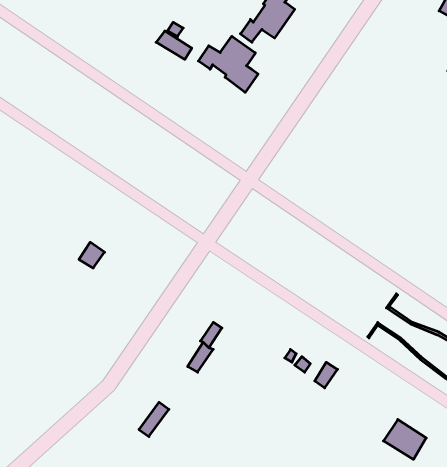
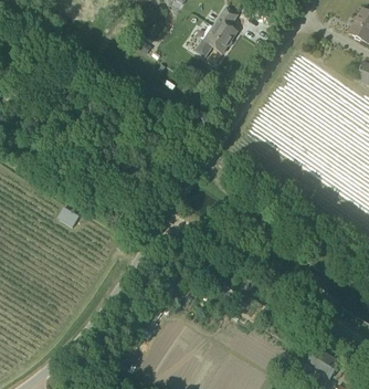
building: [198,36,258,92] -> none

